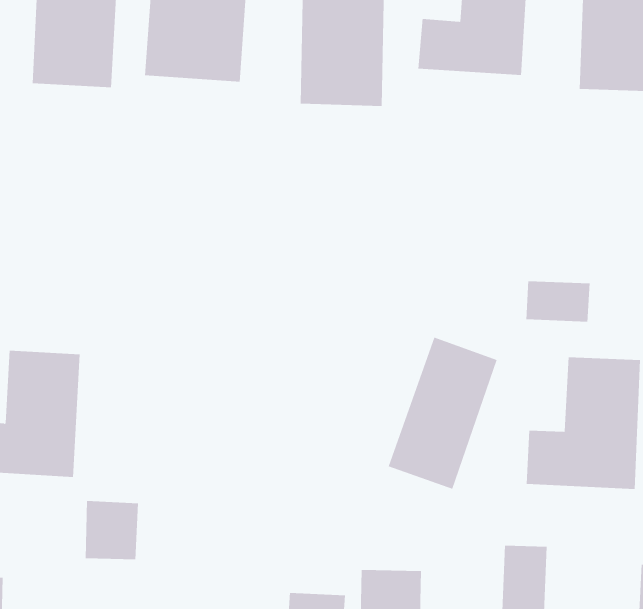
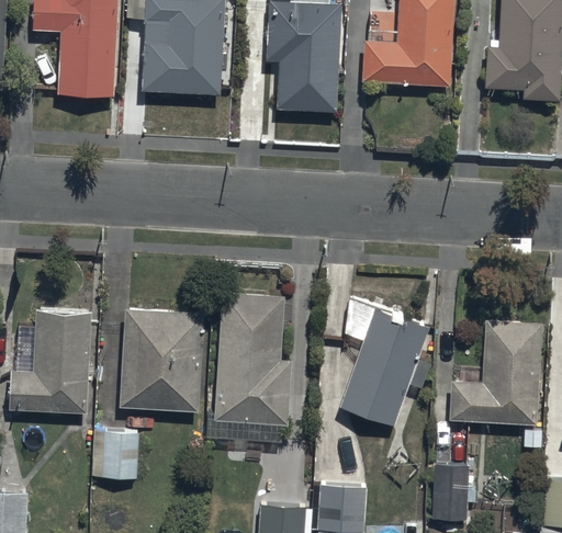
building: [526,280,590,323] -> none
building: none -> [215,291,292,426]
building: none -> [121,308,202,408]

